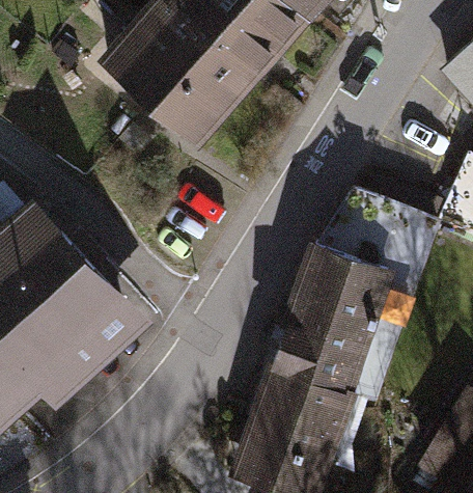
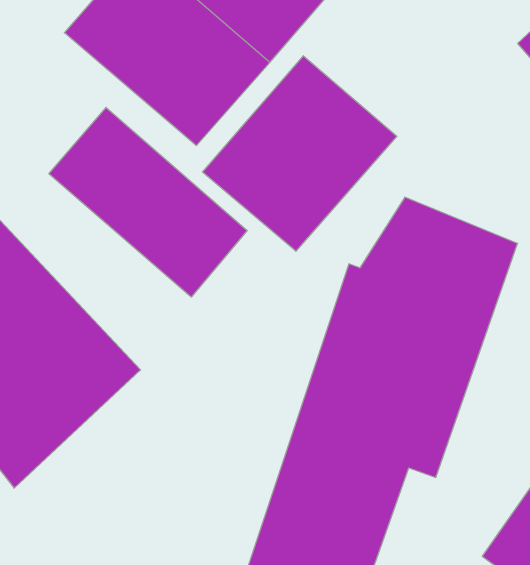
building: none -> [203,56,397,251]
building: none -> [49,107,247,297]

